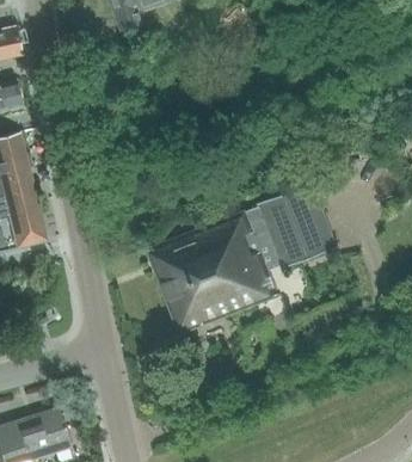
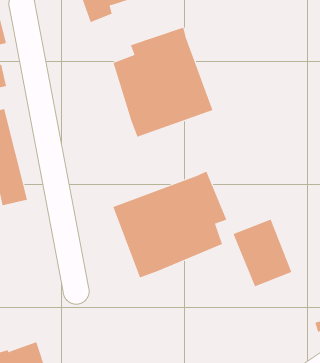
building: none -> [113,27,213,138]
building: [257,185,327,266] -> [233,219,292,287]

